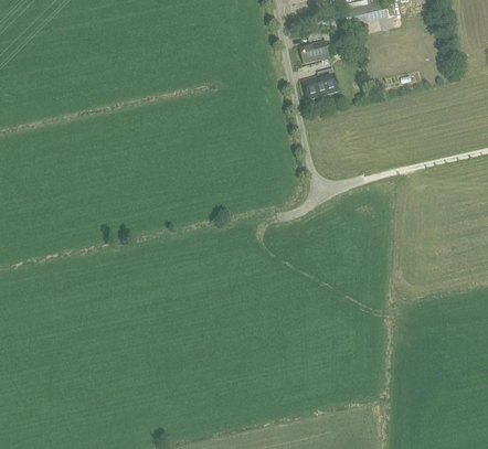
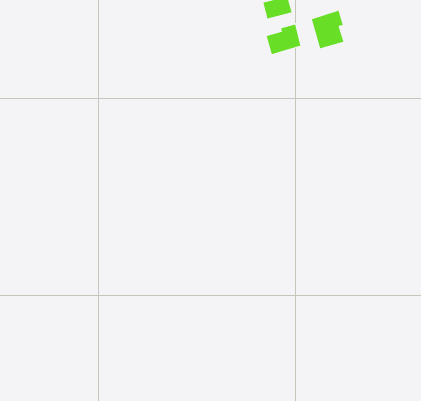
building: none -> [311,10,344,49]

